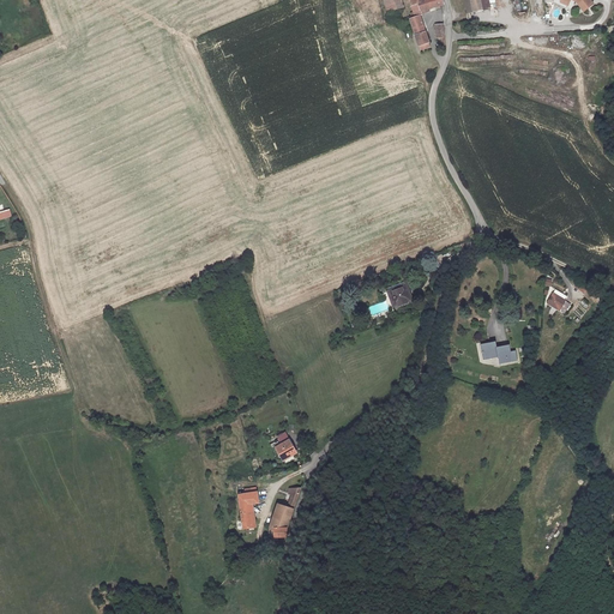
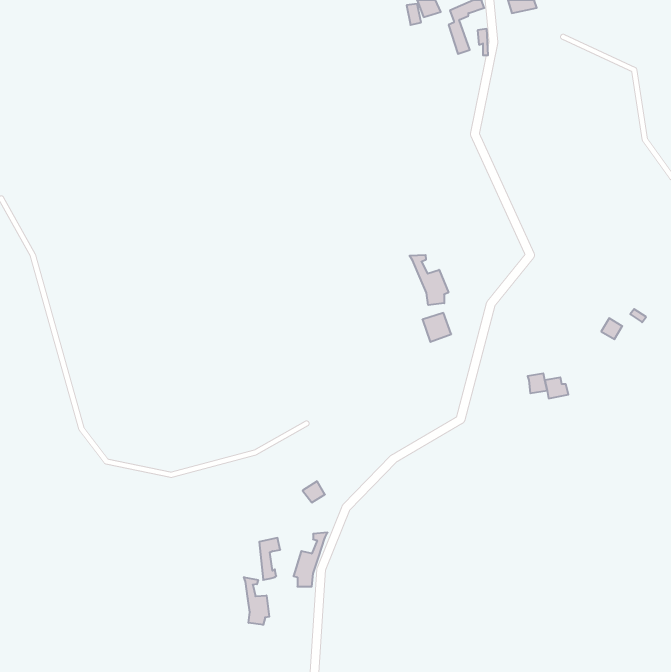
building: none -> [410,255,448,305]
building: none -> [244,577,269,625]

